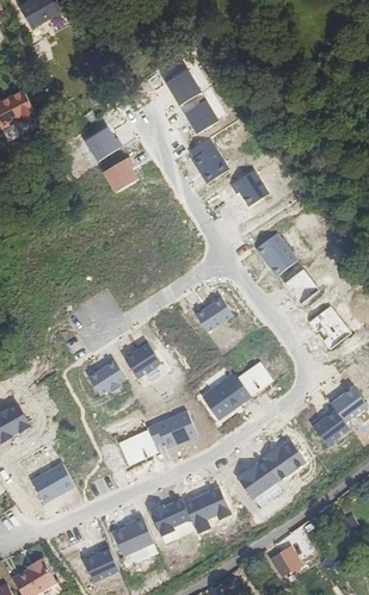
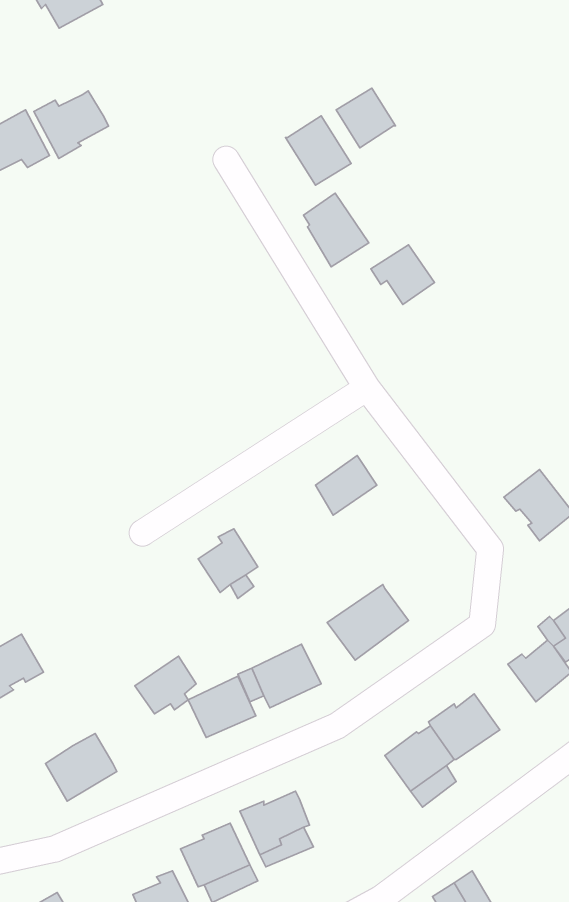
building: [165,69,201,105] -> [336,88,396,148]
building: none -> [34,91,108,159]
building: [84,128,122,162] -> none
building: [103,156,137,192] -> none
building: [256,231,296,274] -> none
building: [284,267,319,303] -> none
building: [238,359,273,395] -> none
building: [90,360,127,395] -> [135,656,196,714]
building: [186,485,234,533] -> none

